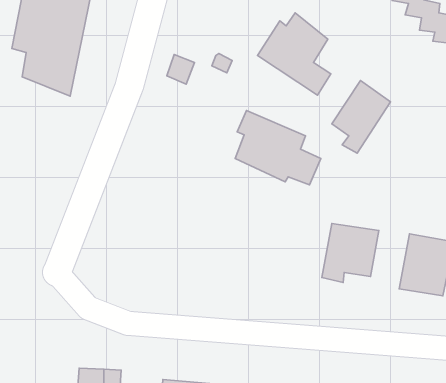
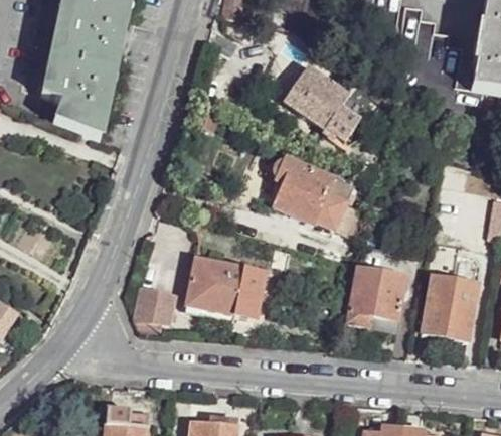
building: [332,80,391,153] -> none
building: none -> [187,259,264,317]
building: none -> [137,289,176,323]

